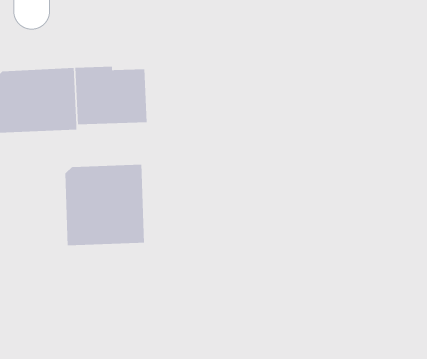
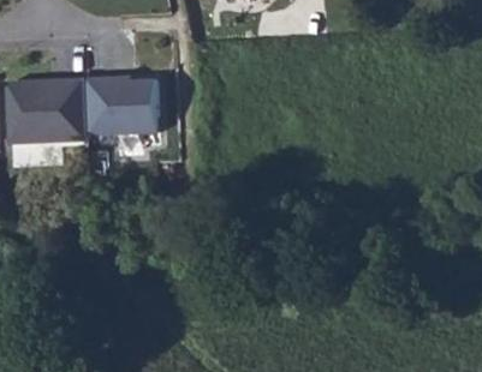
building: [65,164,145,246] -> none

